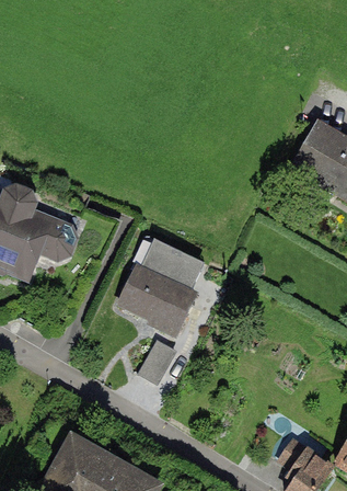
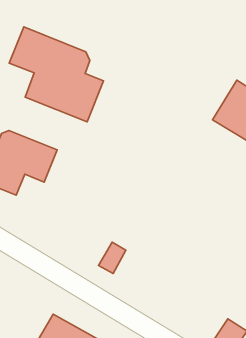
building: none -> [9,27,104,122]
building: [118,242,200,332] -> none

